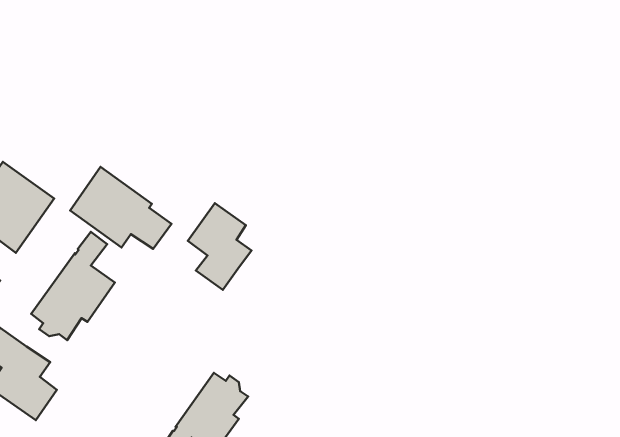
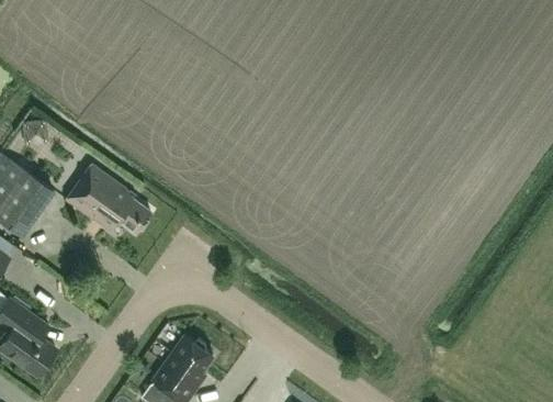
building: [188,203,252,290] -> none
building: [31,232,115,340] -> none

